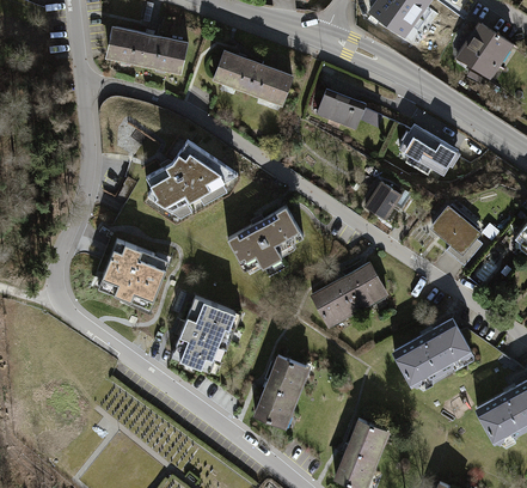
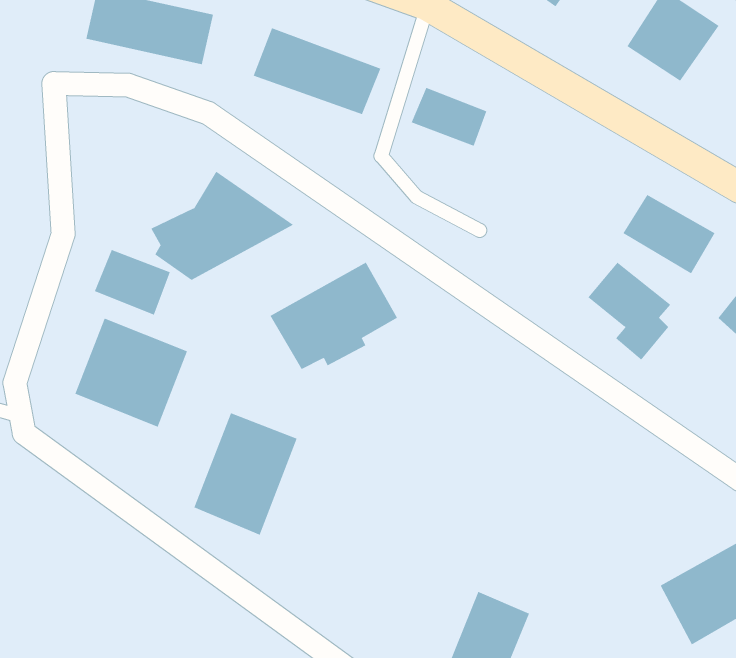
building: [400,121,460,172] -> [623,194,716,274]
building: [362,177,402,218] -> none
building: none -> [94,249,170,316]
building: [310,257,387,323] -> none
building: [391,313,472,383] -> none
building: [253,352,310,425] -> none

